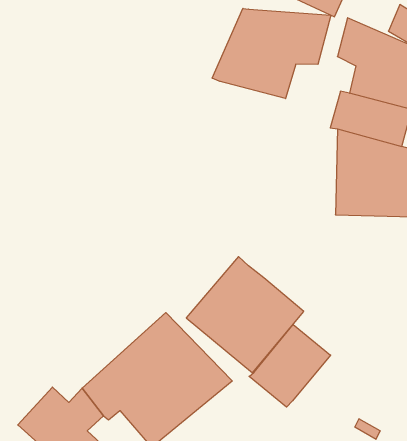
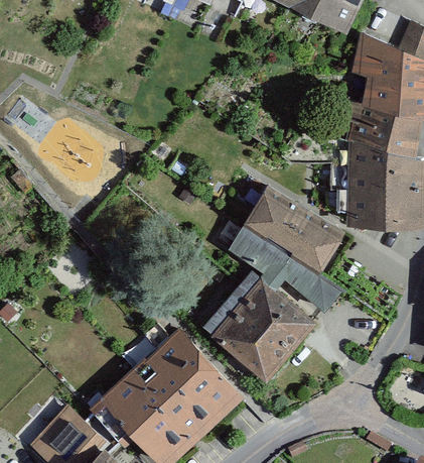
building: [212,8,331,99] -> none
building: none -> [228,187,348,317]
building: [249,324,331,407] -> none

